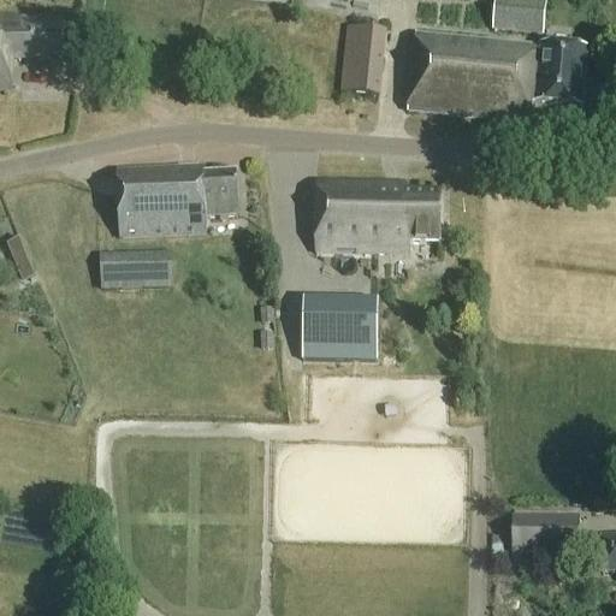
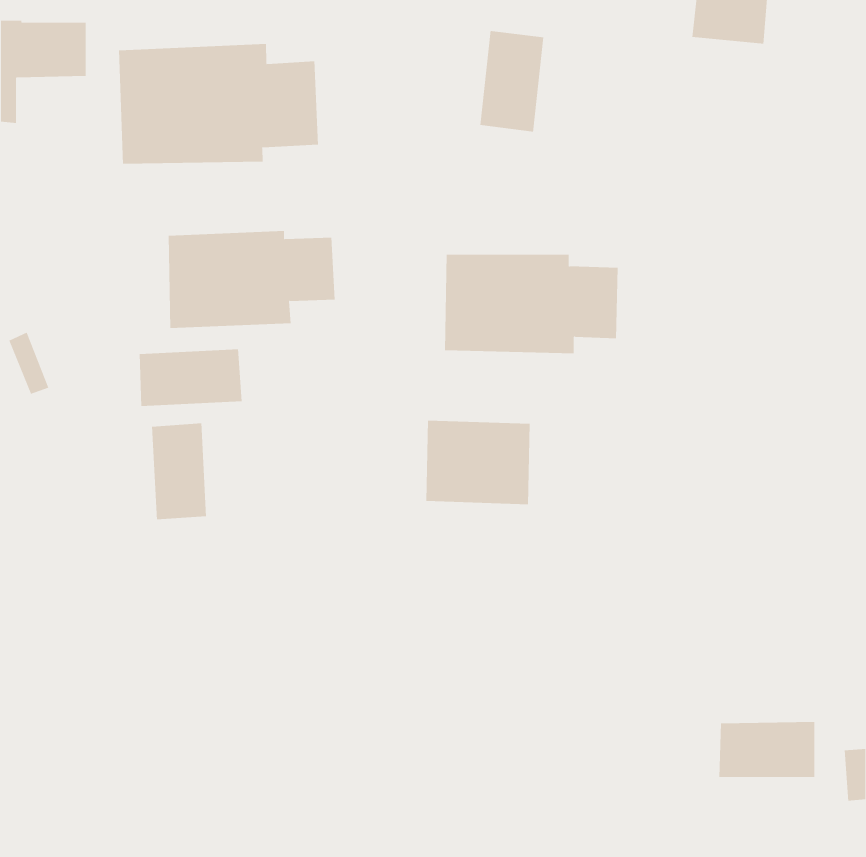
building: [408,30,587,120] -> none
building: none -> [119,43,318,164]
building: none -> [152,423,206,520]

